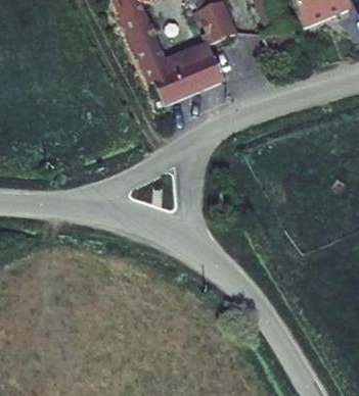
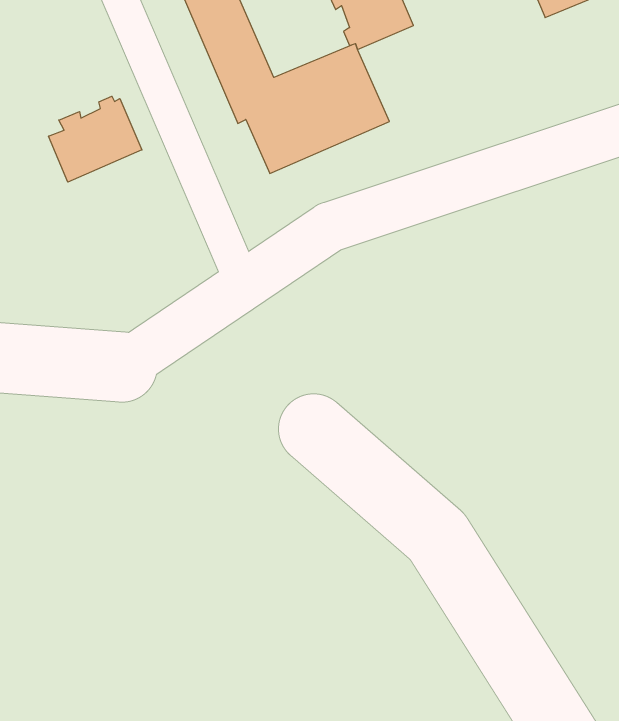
building: none -> [49,96,142,182]

